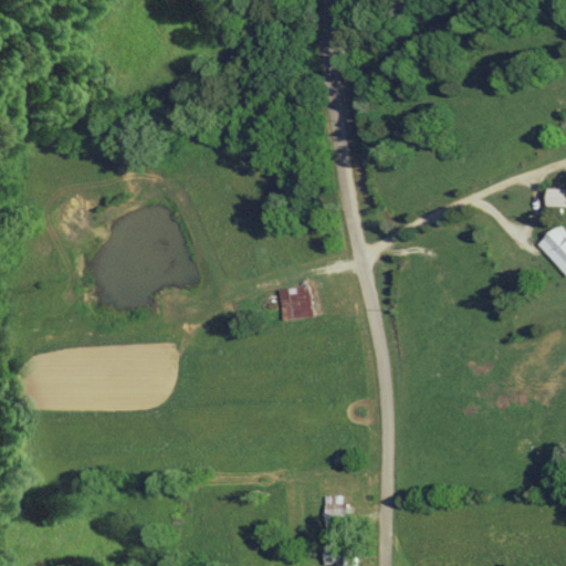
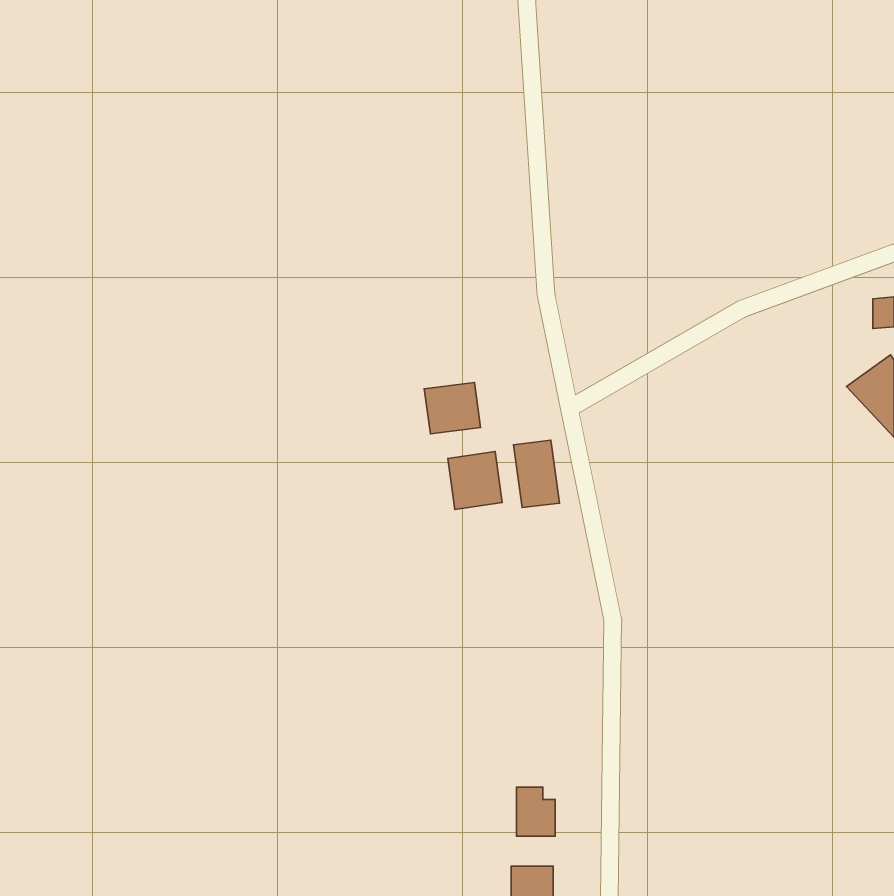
building: none -> [424,382,481,434]
building: none -> [514,440,559,508]

